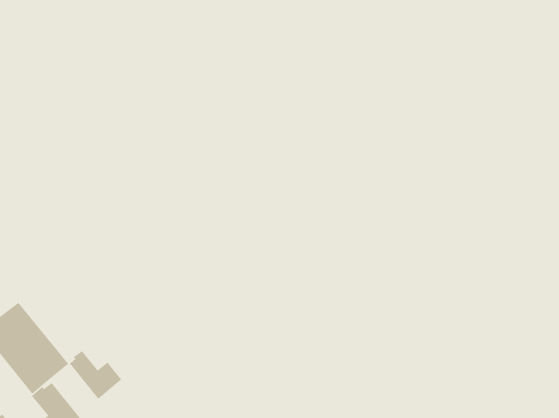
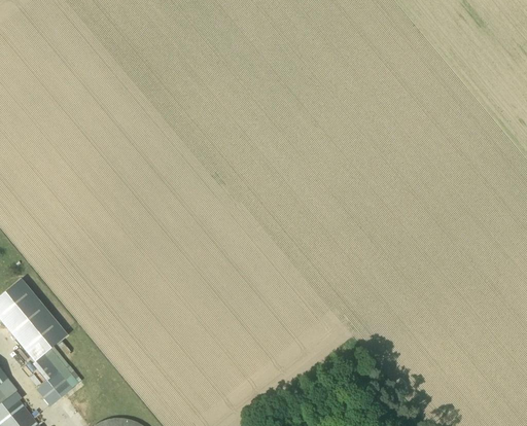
building: [69,350,122,400] -> none

